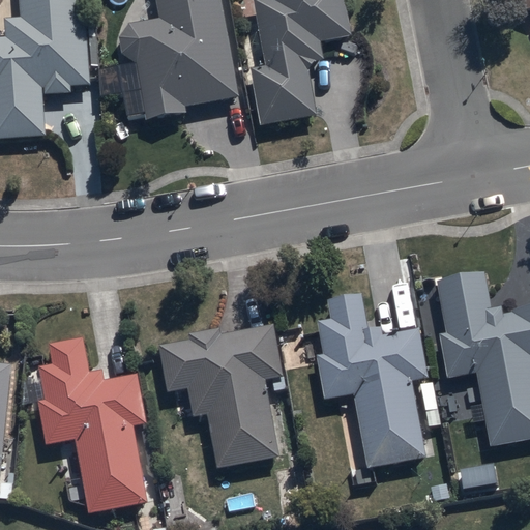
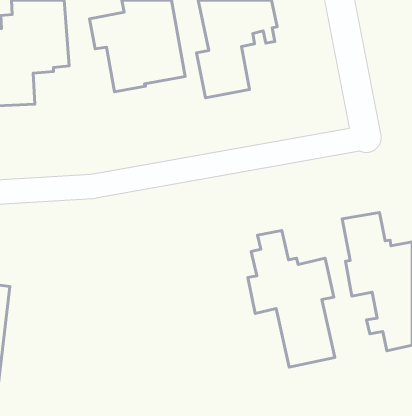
building: [158,323,279,467] -> none
building: [37,336,145,509] -> none

